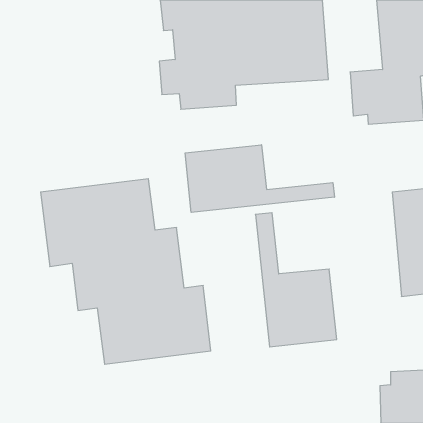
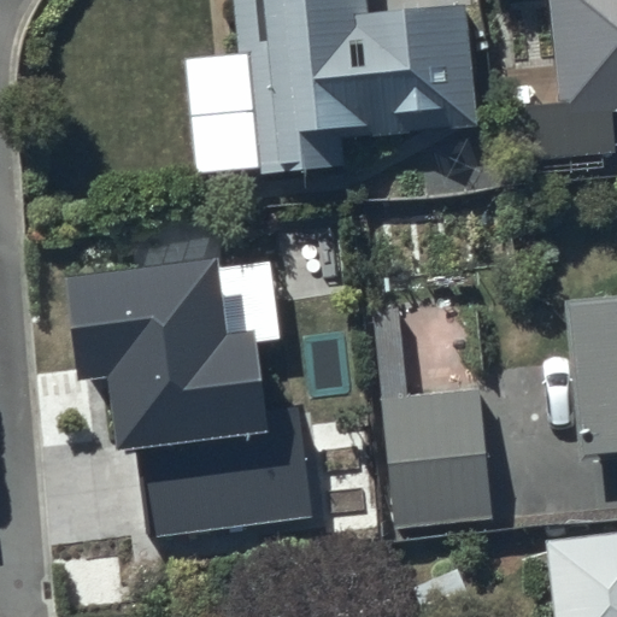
building: [185,145,334,212] -> none

